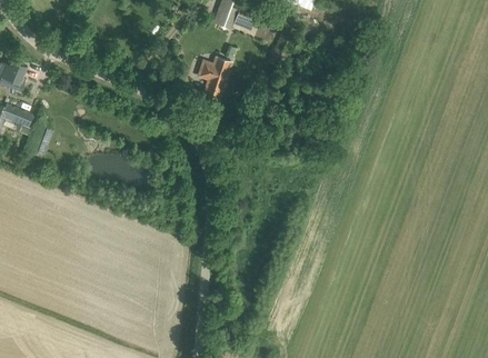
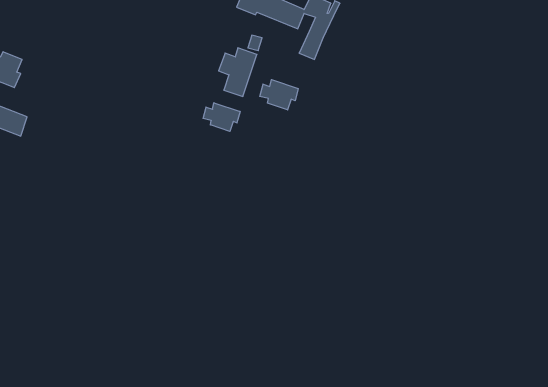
building: none -> [260,80,298,110]
building: none -> [203,103,240,131]

